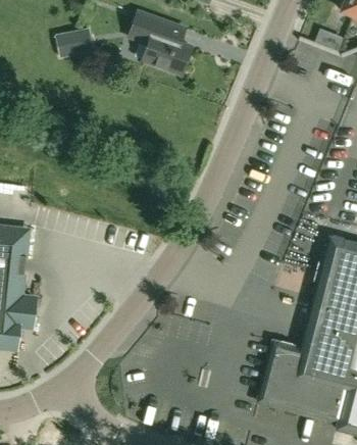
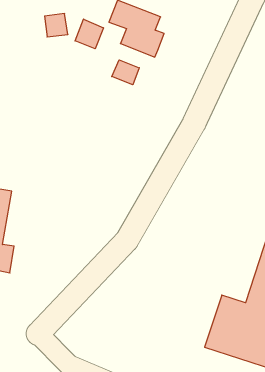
building: none -> [75,19,103,49]
building: none -> [112,60,139,85]

